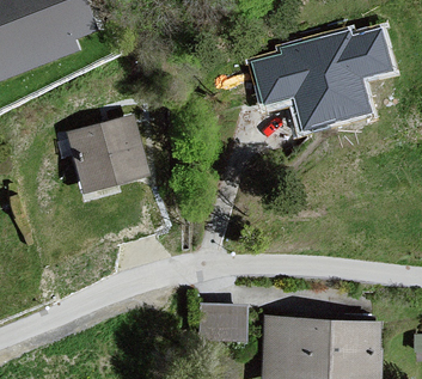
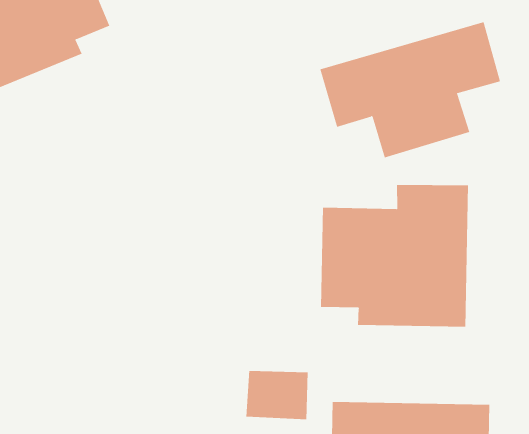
building: [65,118,142,195] -> none
building: none -> [321,184,469,328]

